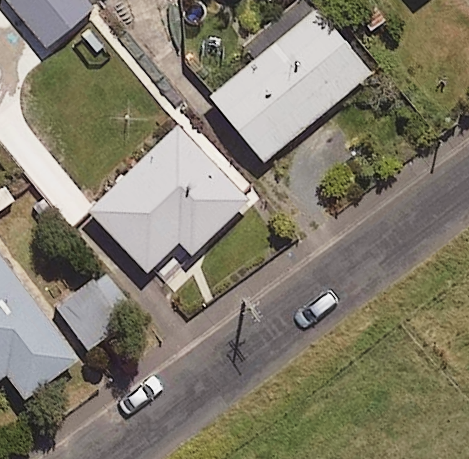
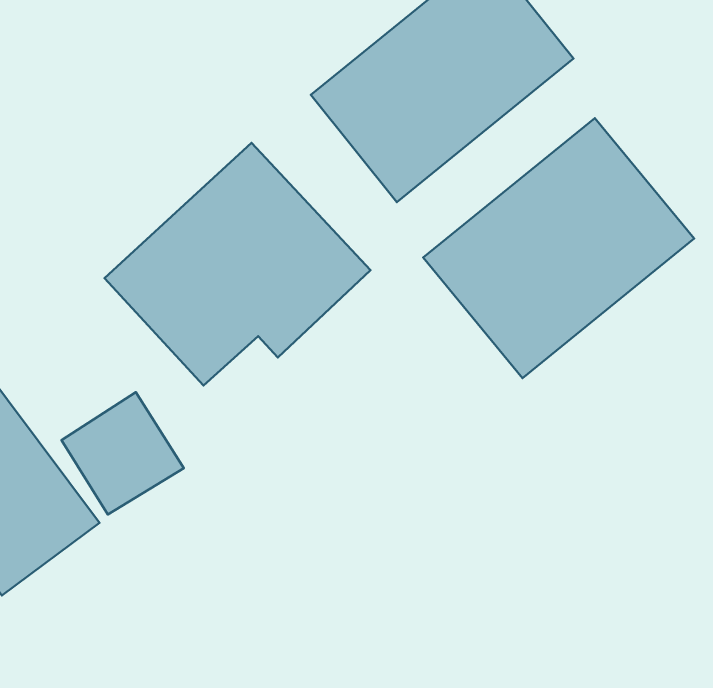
building: none -> [423,118,694,378]

